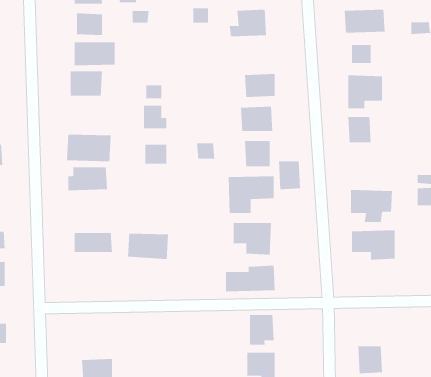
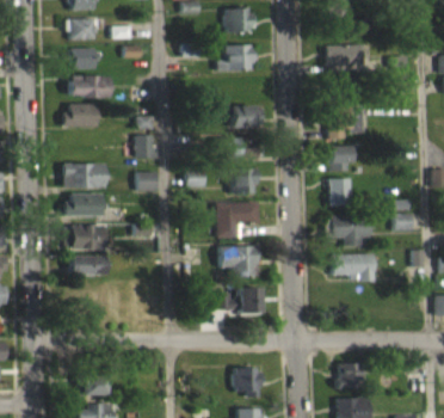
building: [278,161,301,190] -> [331,178,352,205]
building: [127,233,169,260] -> [63,226,103,251]
building: [249,314,274,345] -> none

